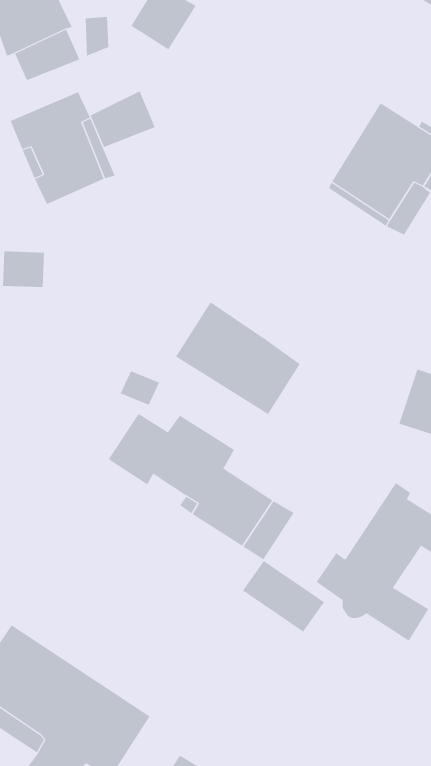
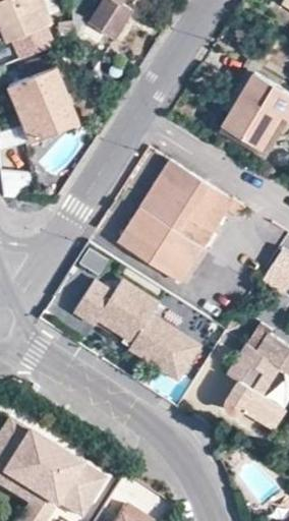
building: [90,91,155,148] -> none
building: none -> [141,159,246,247]
building: [242,560,325,633] -> none

